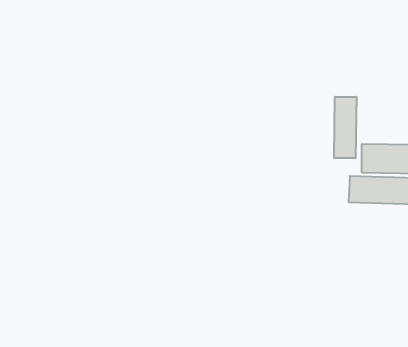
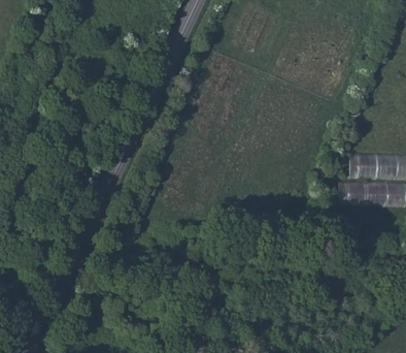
building: [334,97,356,158] -> none

